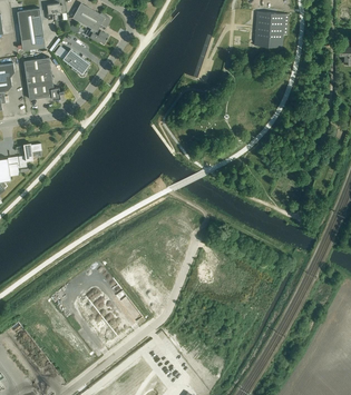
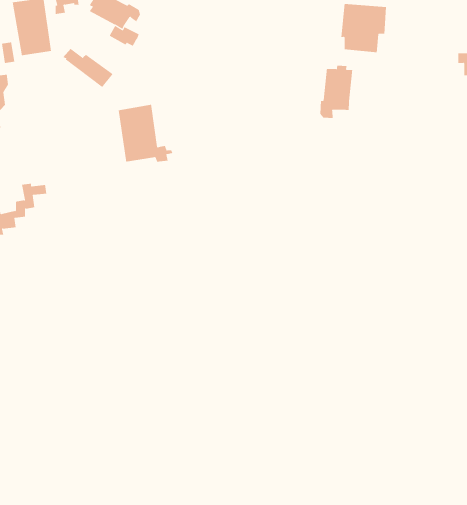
building: none -> [320,65,353,119]
building: [23,57,64,99] -> [118,104,173,162]

